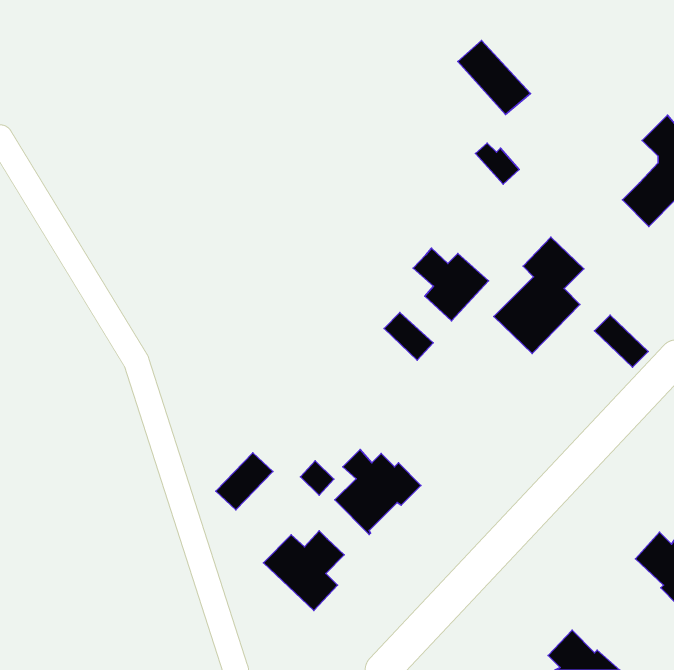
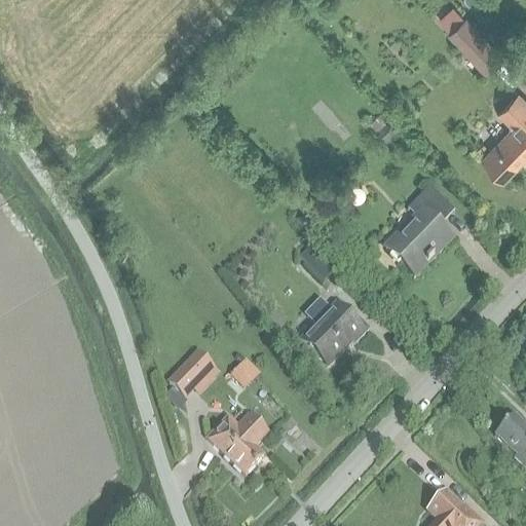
building: [458,40,531,115] -> [450,14,506,72]
building: [413,248,488,321] -> none
building: [595,315,648,367] -> none
building: [335,450,421,534] -> [301,299,368,365]

